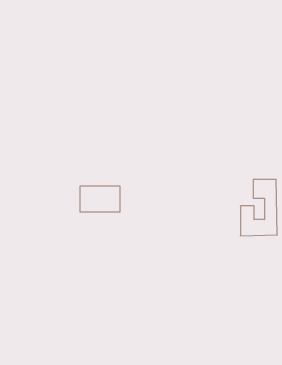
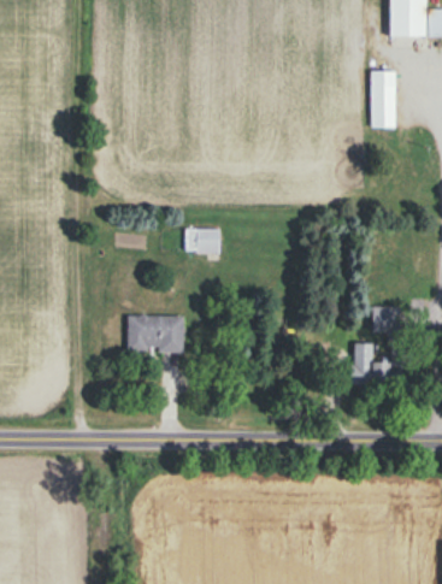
building: none -> [370,70,395,128]
building: none -> [185,228,219,253]

